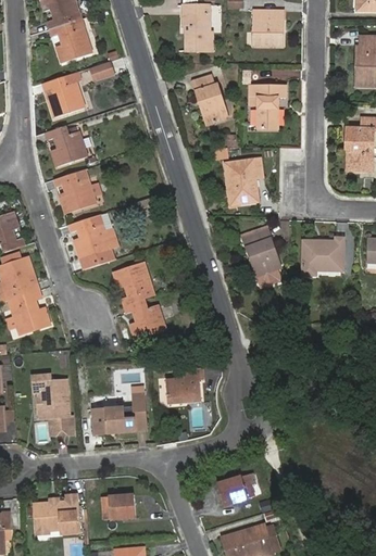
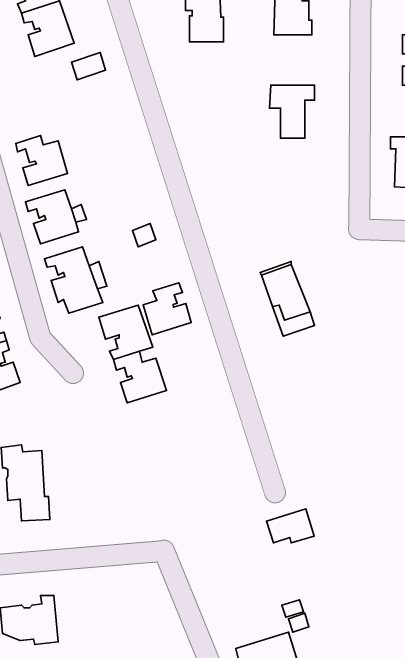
building: [42,75,84,117] -> none
building: [191,75,228,124] -> none
building: [226,159,262,203] -> none
building: [302,237,343,275] -> none
building: none -> [143,283,191,335]
building: [165,368,204,403] -> none
building: [92,393,147,433] -> none
building: [216,473,254,501] -> [267,509,314,543]
building: [102,494,136,519] -> none

